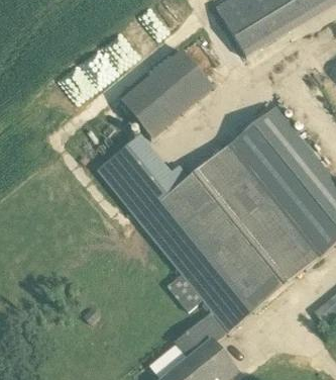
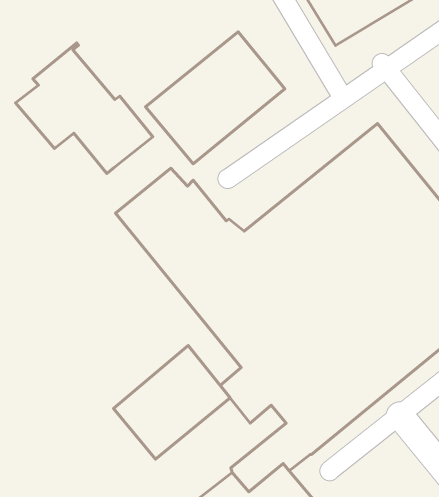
building: none -> [16,43,153,174]
building: none -> [113,346,230,459]

